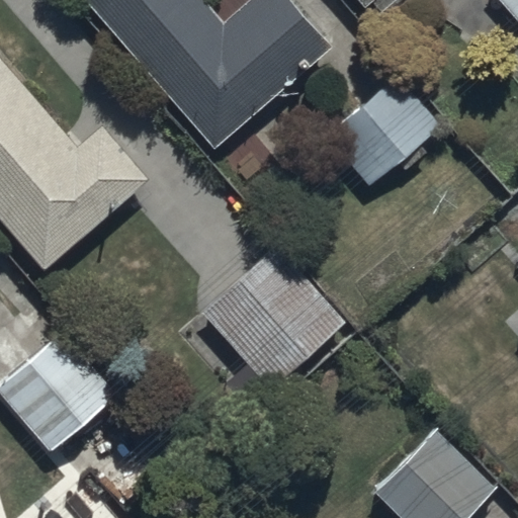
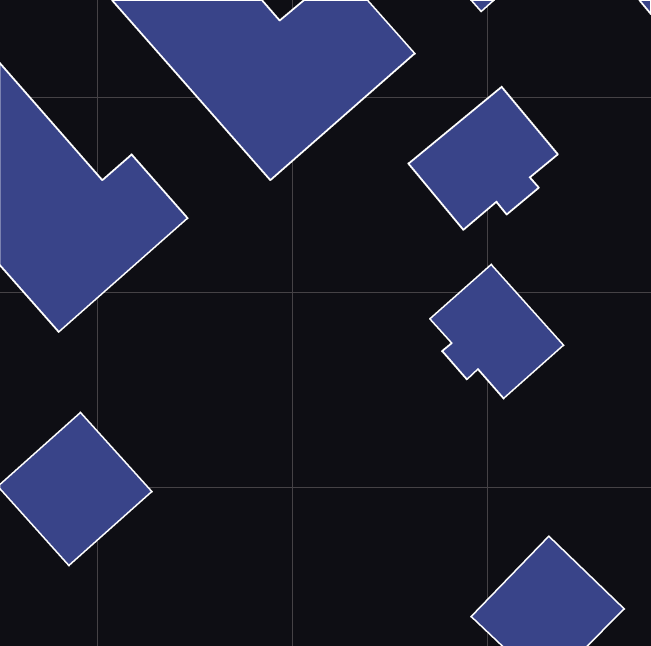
building: none -> [430,264,564,399]
building: [176,246,345,412] -> none

